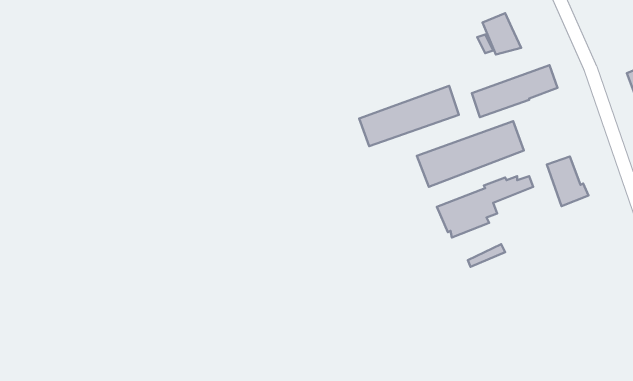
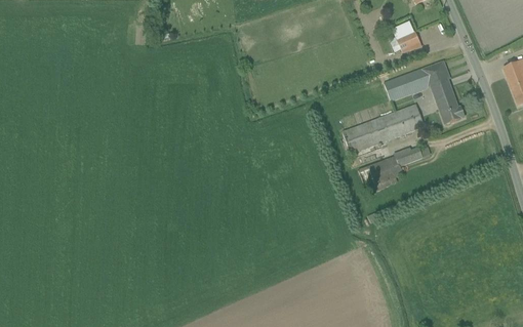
building: [359,86,459,146] -> none
building: [547,157,588,206] -> [433,86,465,124]

